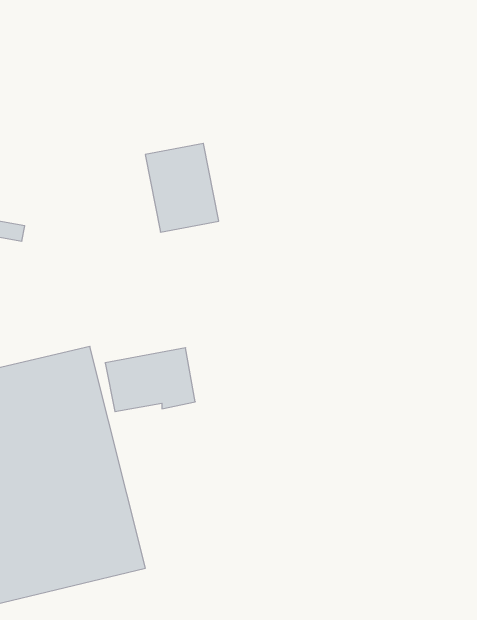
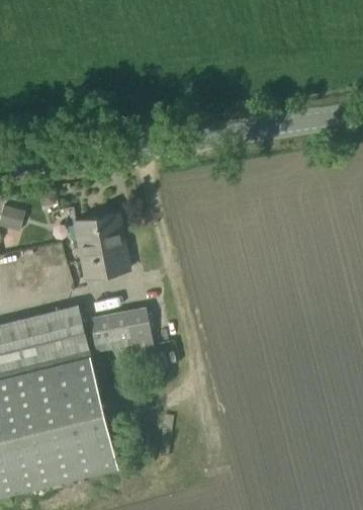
building: [145,143,219,232] -> [75,215,128,279]

